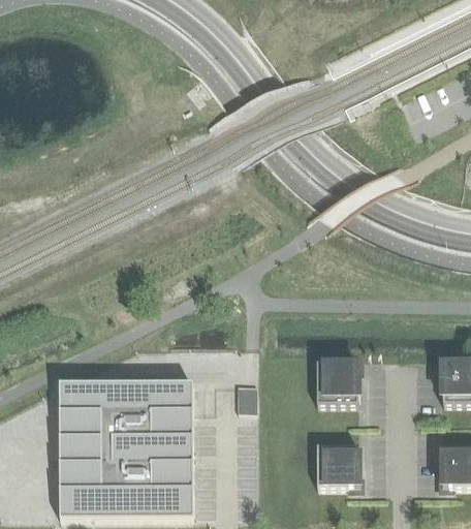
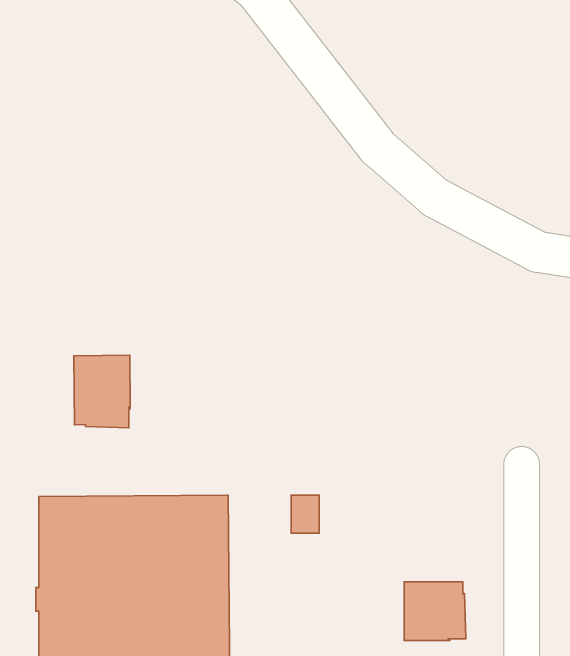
building: none -> [74,355,130,428]
building: [316,360,358,401] -> none

